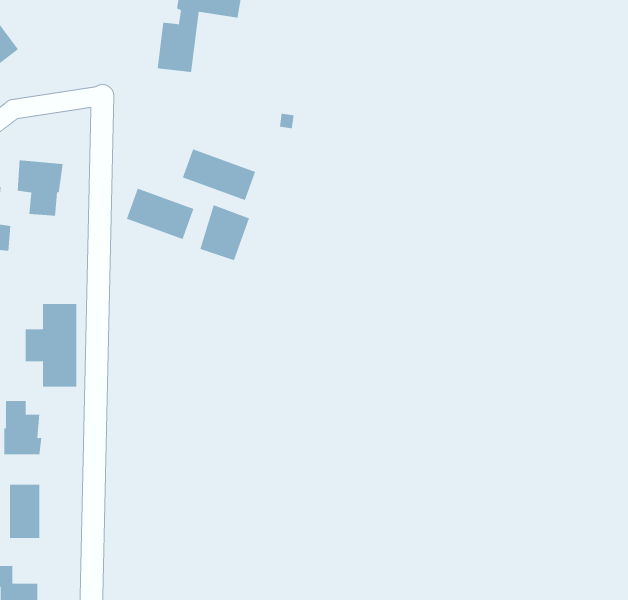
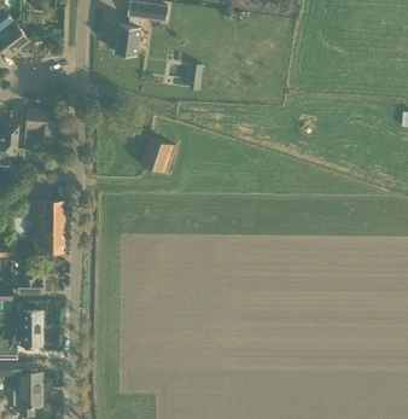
building: [182,149,256,201] -> none
building: [126,188,194,240] -> none

